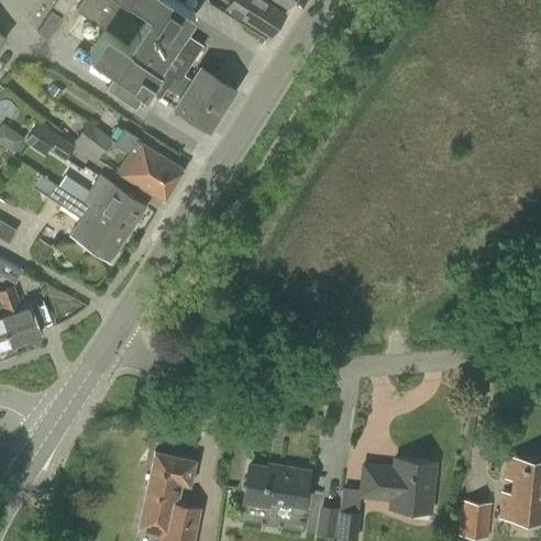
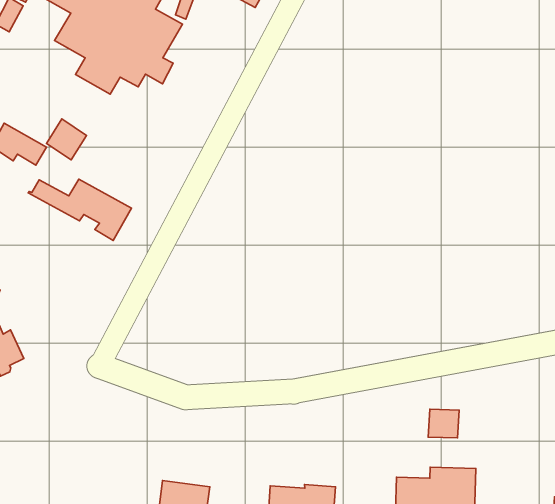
building: [176,68,235,131] -> none
building: [113,130,185,203] -> none
building: [48,187,128,262] -> none
building: none -> [428,409,459,438]

